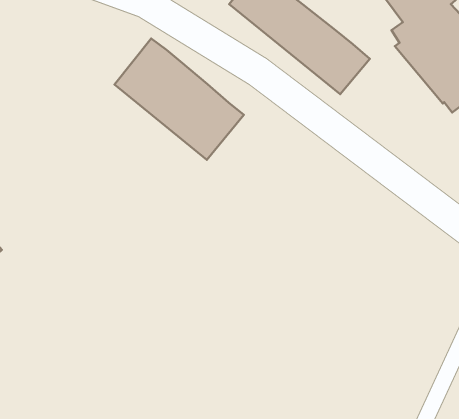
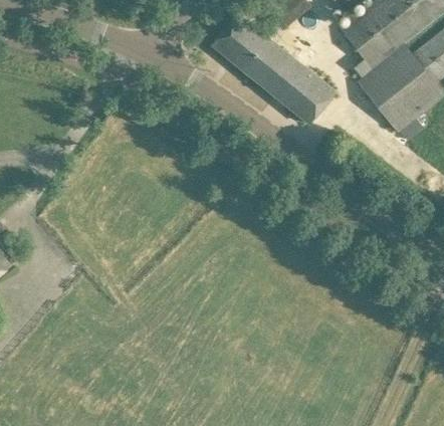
building: [114,38,244,160] -> none

